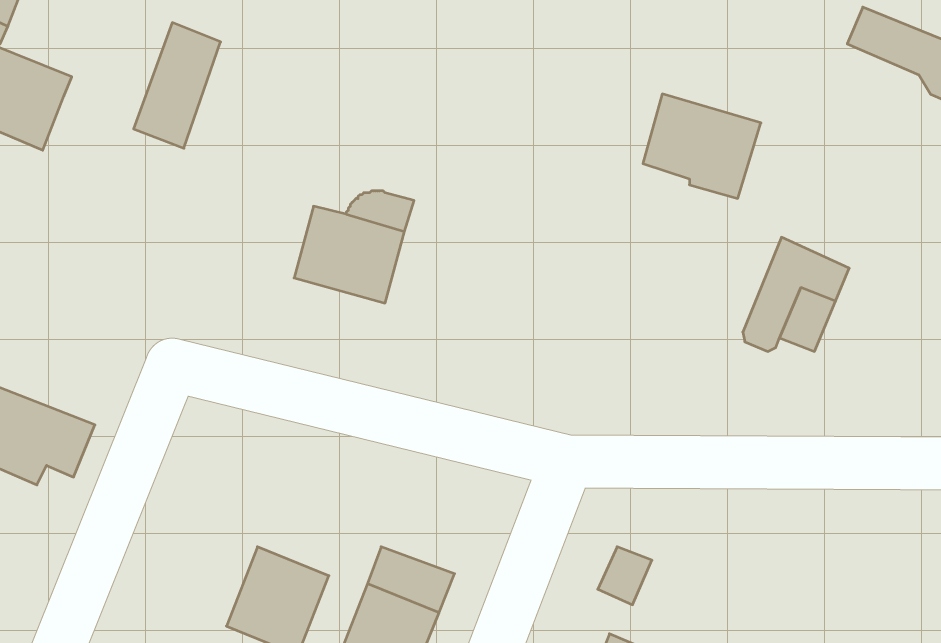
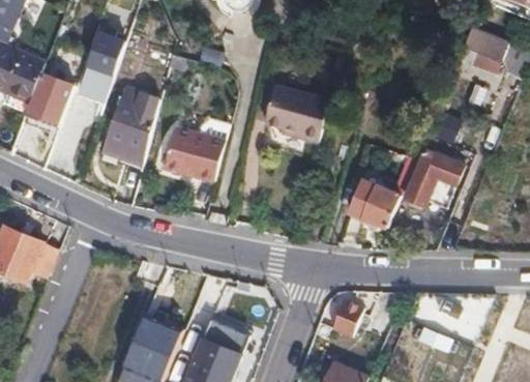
building: [643,94,761,198] -> [266,87,329,143]
building: none -> [24,71,73,126]
building: none -> [100,86,158,161]
building: none -> [347,179,399,227]

